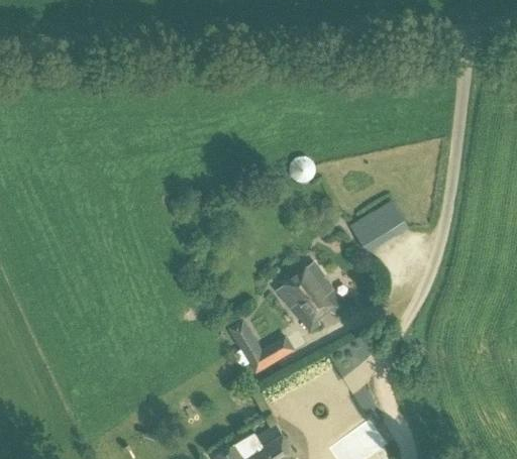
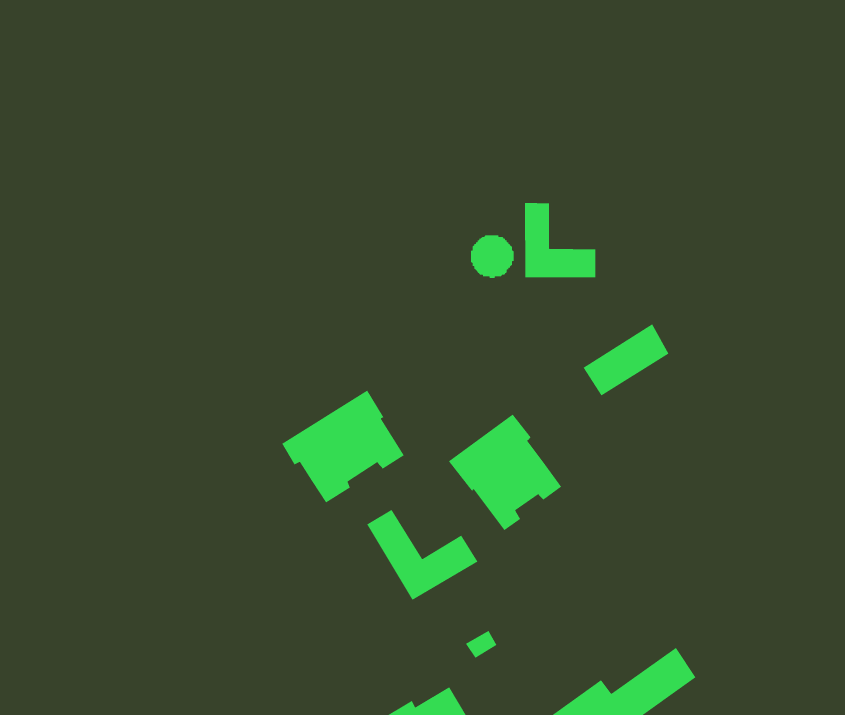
building: none -> [524,202,596,278]
building: none -> [281,389,405,503]

